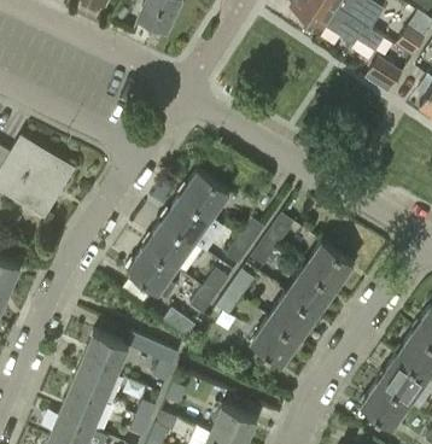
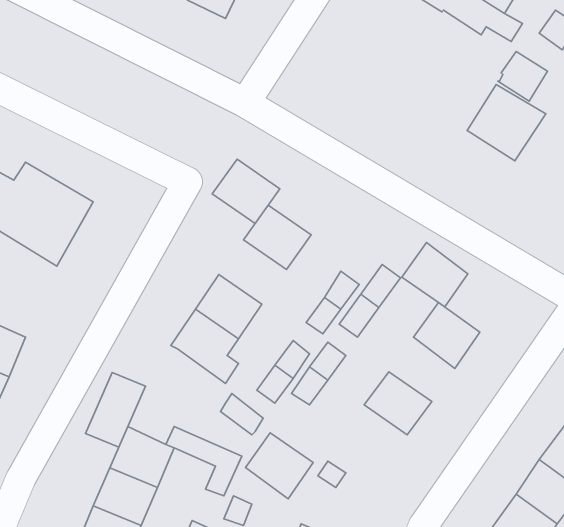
building: none -> [467,85,546,161]
building: [162,194,211,241] -> [212,159,280,223]
building: [286,265,334,312] -> [402,243,468,307]
building: none -> [85,372,146,447]
building: [250,315,299,363] -> [245,433,313,499]

